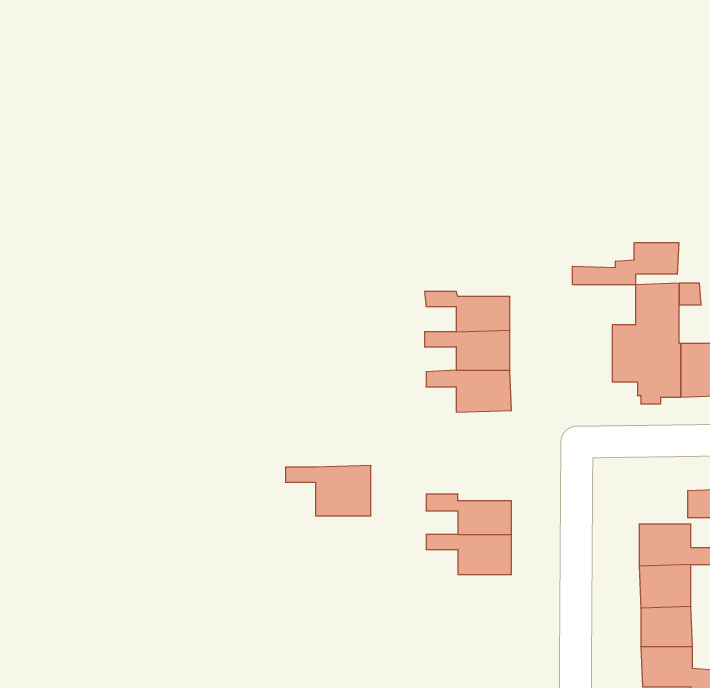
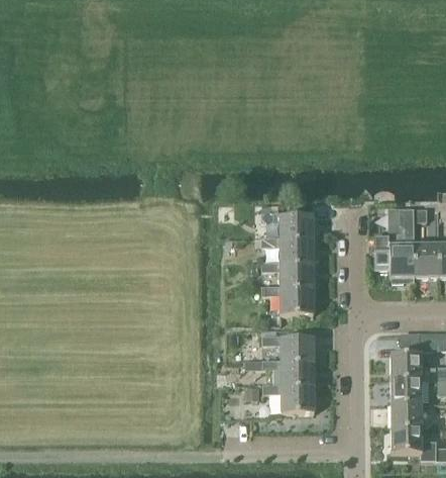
building: [573,243,679,285] -> none
building: [285,465,371,516] -> [262,284,314,314]
building: none -> [262,383,314,412]

